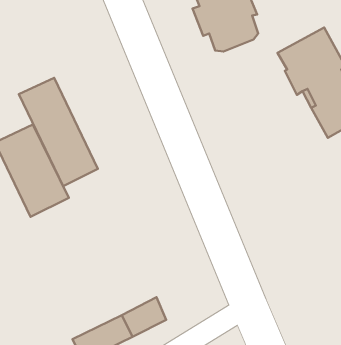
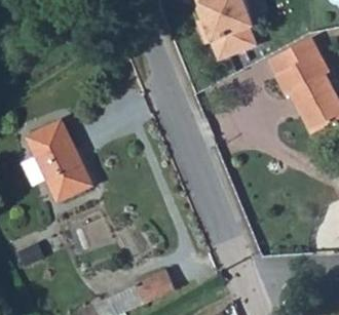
building: [19,78,98,186] -> none

